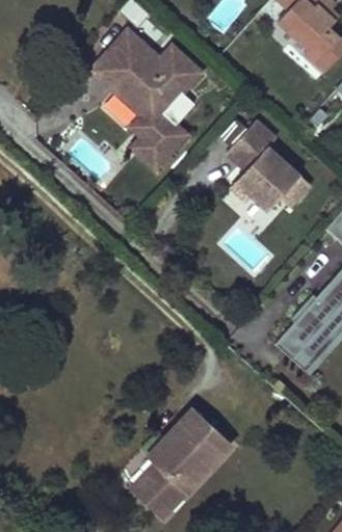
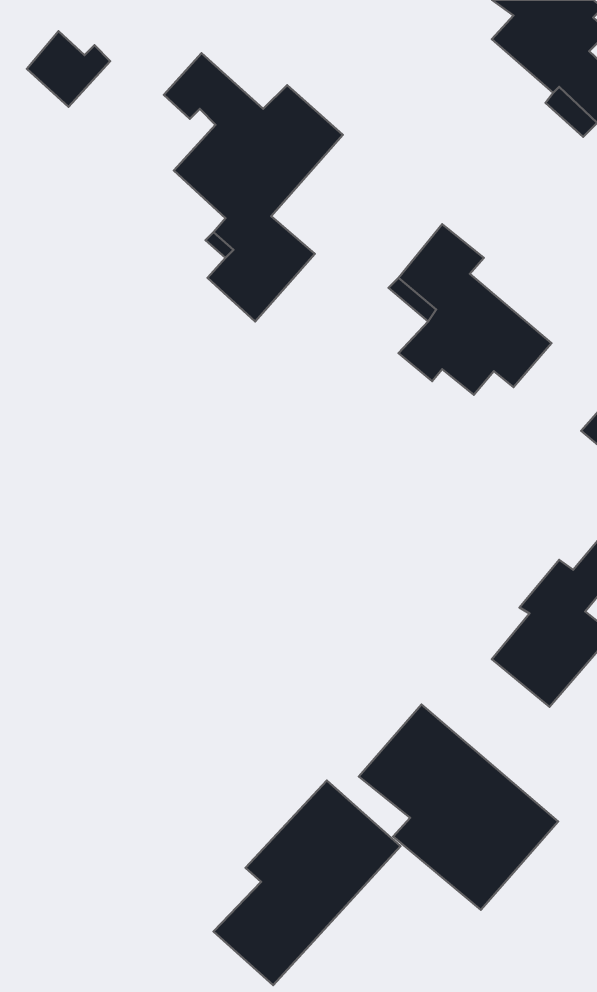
building: [89,51,133,90] -> [27,31,110,107]
building: none -> [359,704,558,910]

